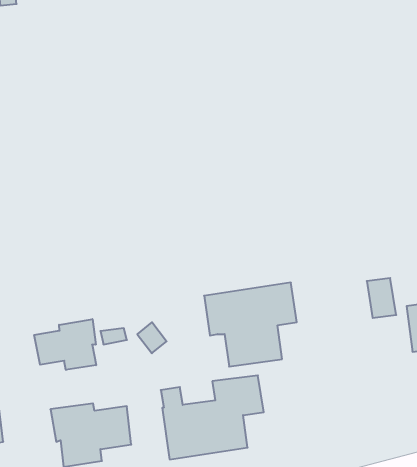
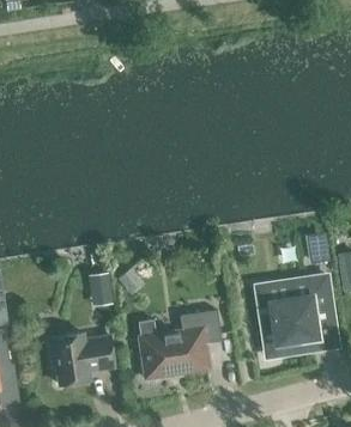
building: [204,283,297,367] -> [255,276,331,344]
building: [34,319,96,370] -> none

